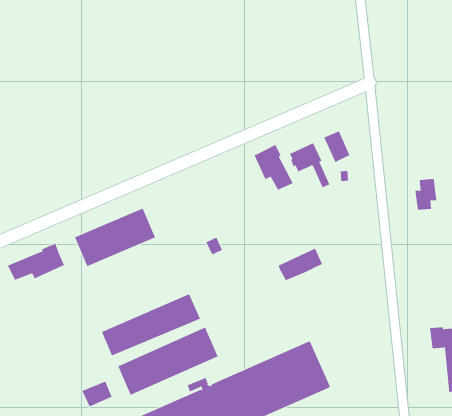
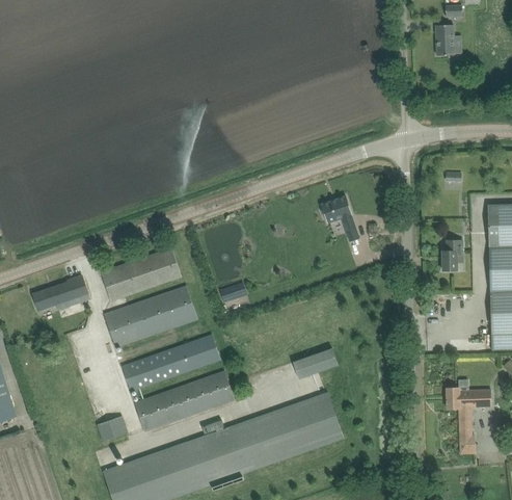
building: [323,131,350,163] -> none
building: [254,144,294,190] -> none
building: none -> [102,284,197,347]
building: [278,248,323,281] -> [293,347,338,377]

